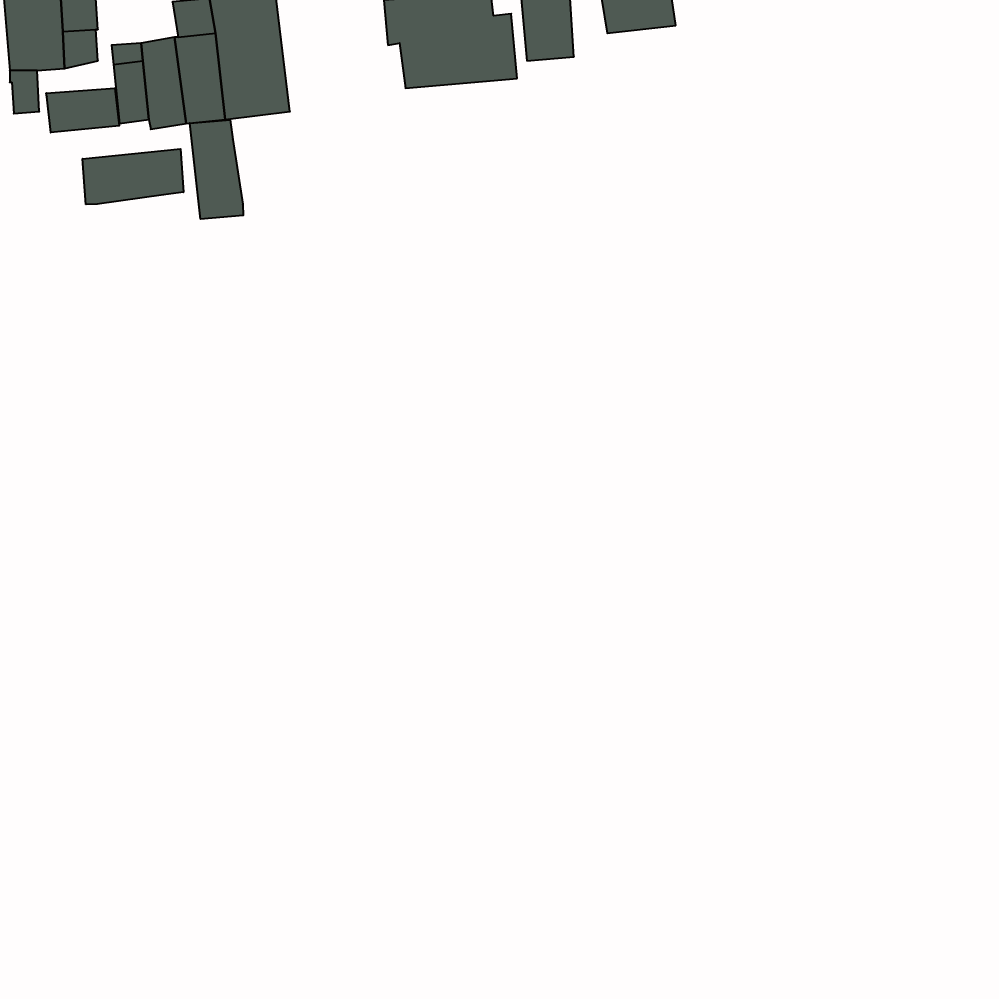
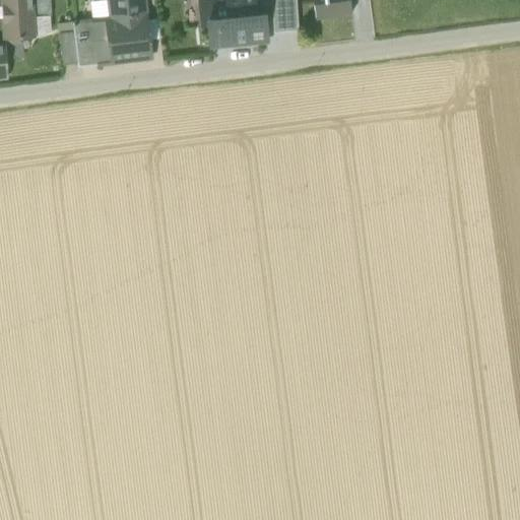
building: [46,88,119,133] -> none
building: [190,120,243,219] -> none
building: [83,149,183,204] -> none

